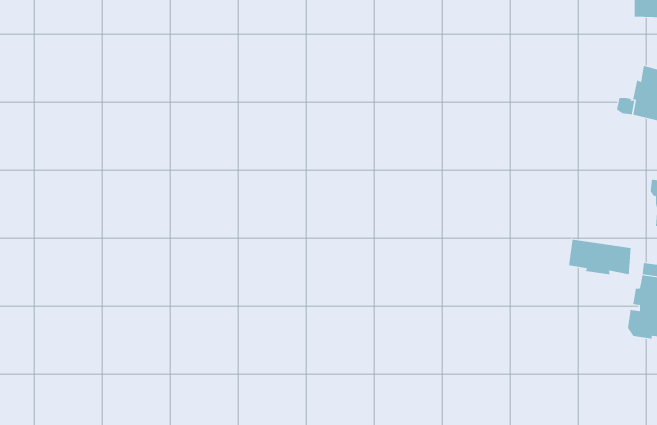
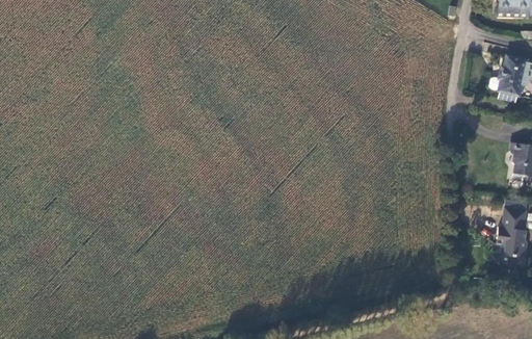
building: [568,239,631,275] -> none

